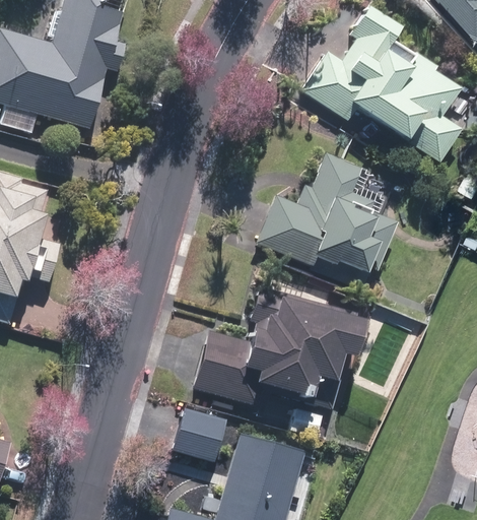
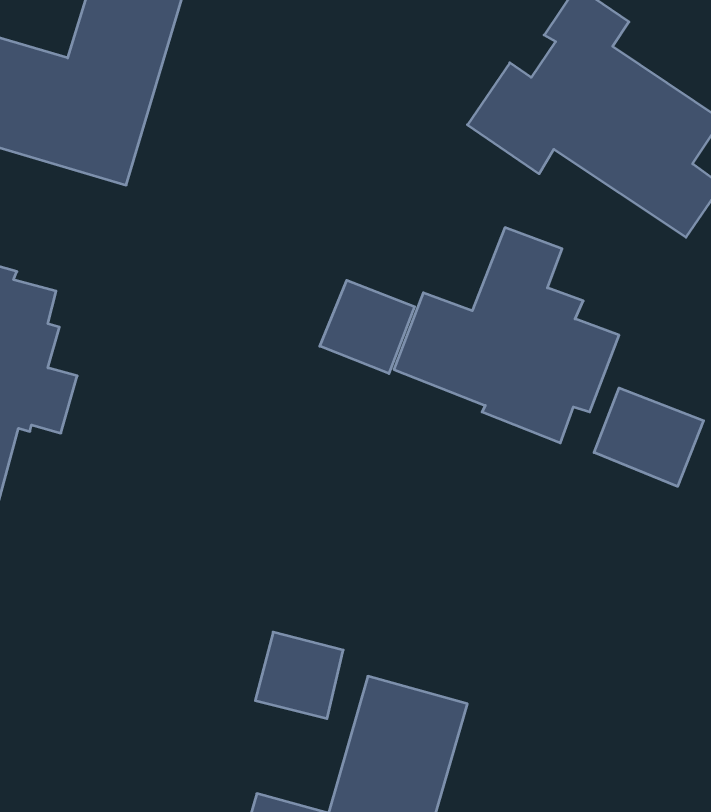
building: none -> [320,280,415,374]
building: none -> [594,388,704,486]
building: [193,286,363,406] -> none

